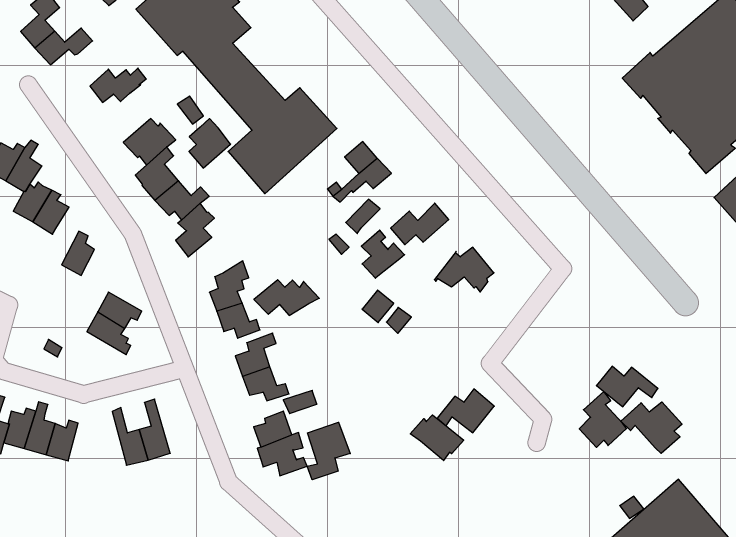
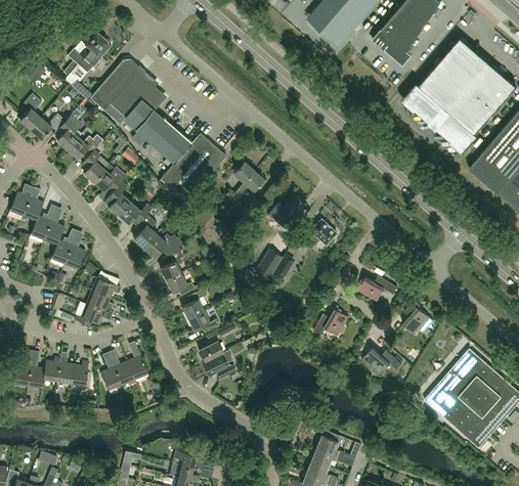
building: none -> [56,115,81,149]
building: [189,119,231,168] -> [82,150,109,182]
building: none -> [50,233,76,264]
building: [361,230,405,278] -> none
building: [254,280,319,315] -> [143,233,184,257]
building: none -> [74,304,113,325]
building: [596,366,658,407] -> [358,275,397,301]
building: [621,402,682,453] -> none
building: none -> [101,352,122,391]
building: [410,415,464,461] -> none
building: [307,422,350,480] -> none
building: none -> [362,348,401,375]

